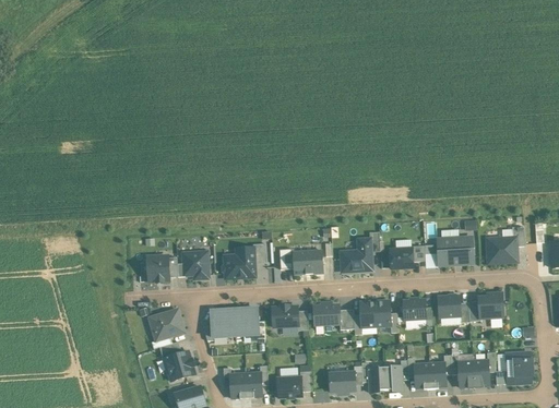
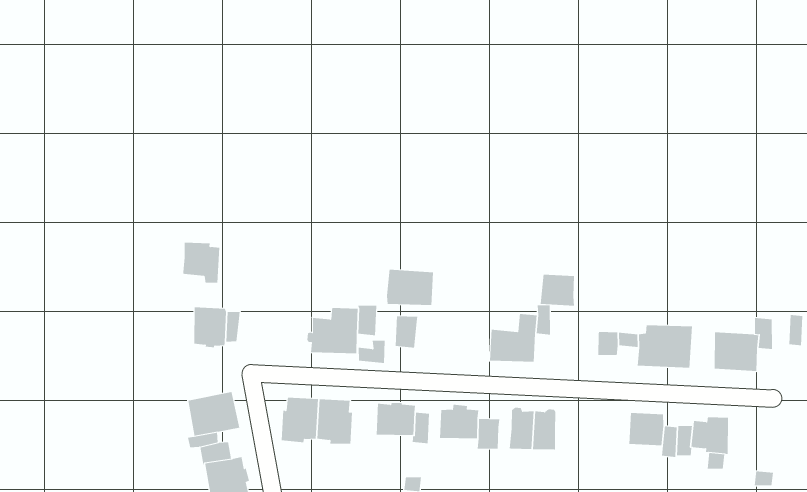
building: [390,248,413,268] -> [540,274,575,306]
building: [293,250,323,274] -> [386,269,434,306]
building: [182,252,207,278] -> [182,242,220,283]
building: [403,297,426,320] -> none

